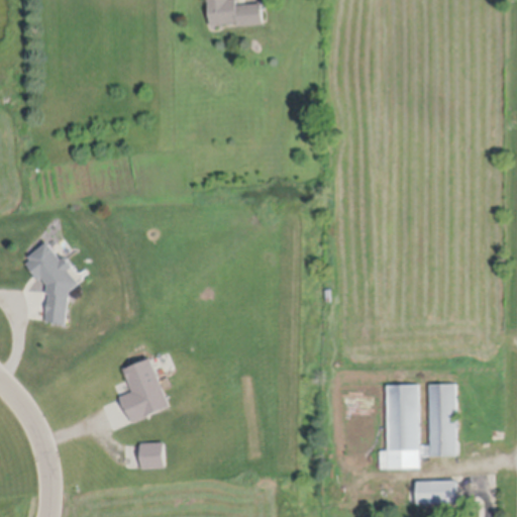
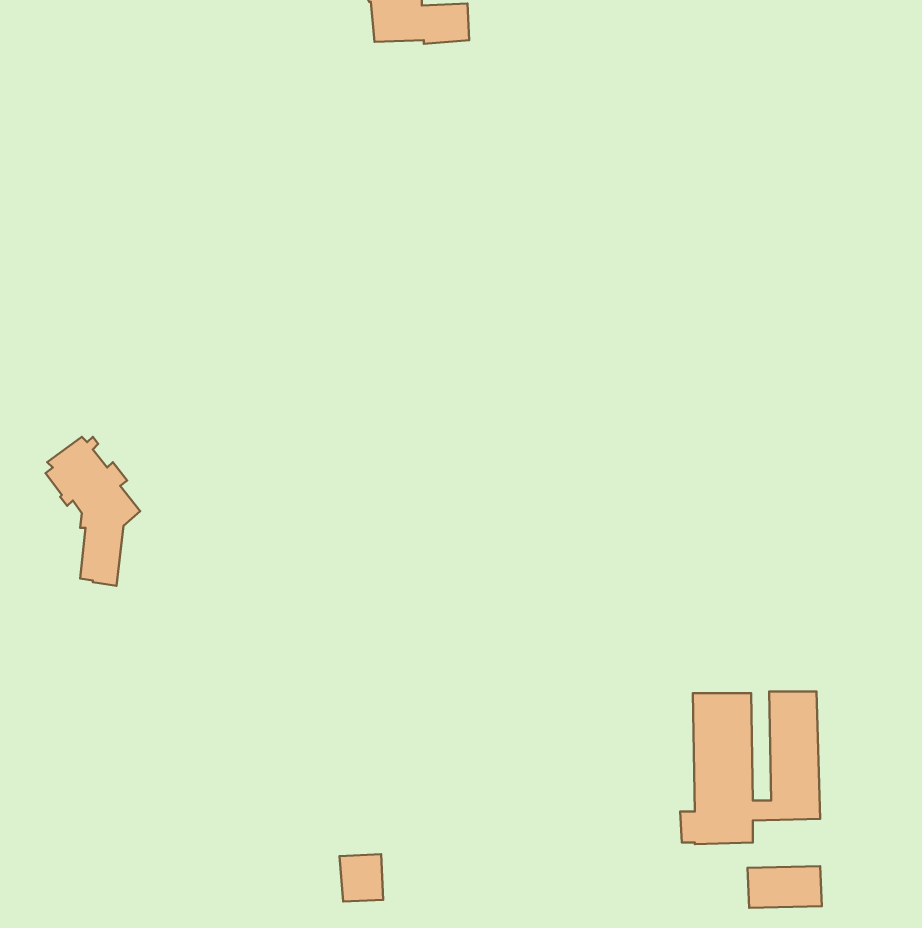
building: [118,357,169,423] -> none
building: [139,442,164,469] -> [339,854,383,902]

